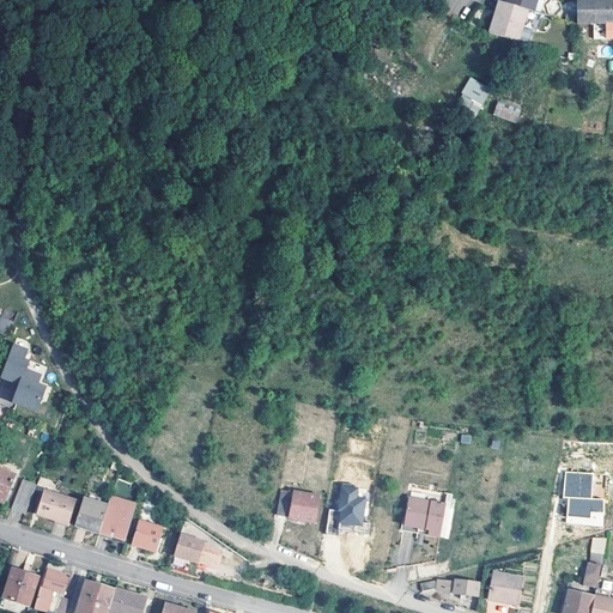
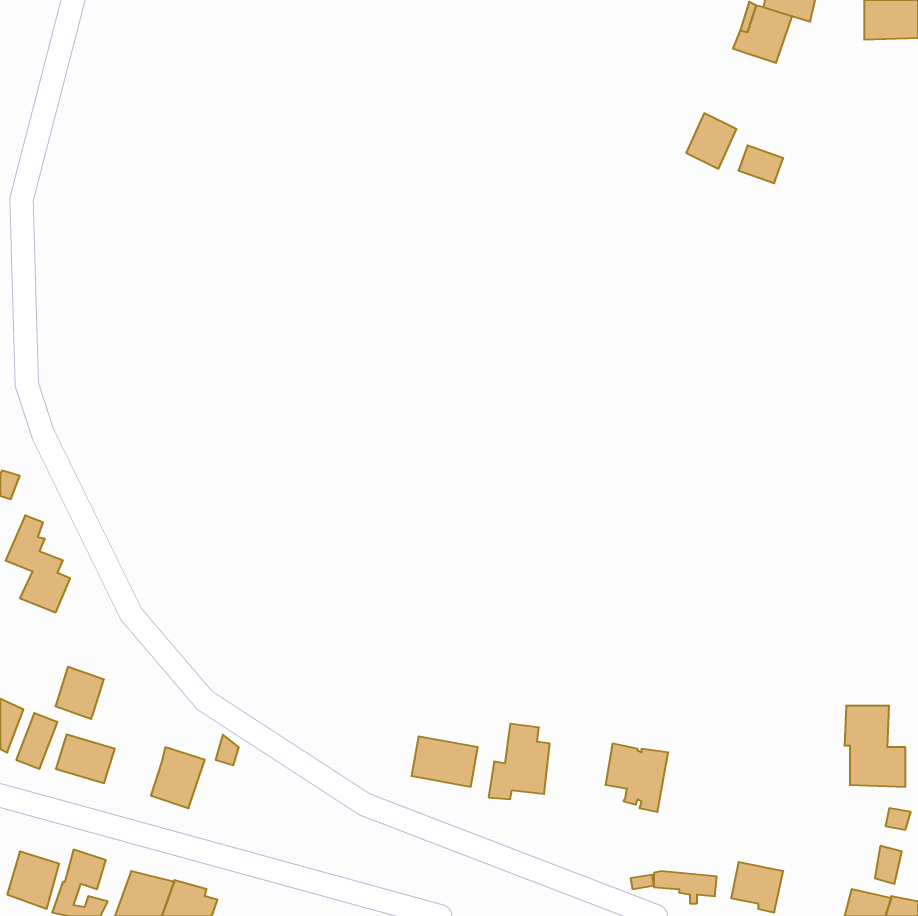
building: [75,499,108,534] -> [55,667,104,719]
building: [133,518,163,548] -> none
building: [174,533,223,565] -> none

